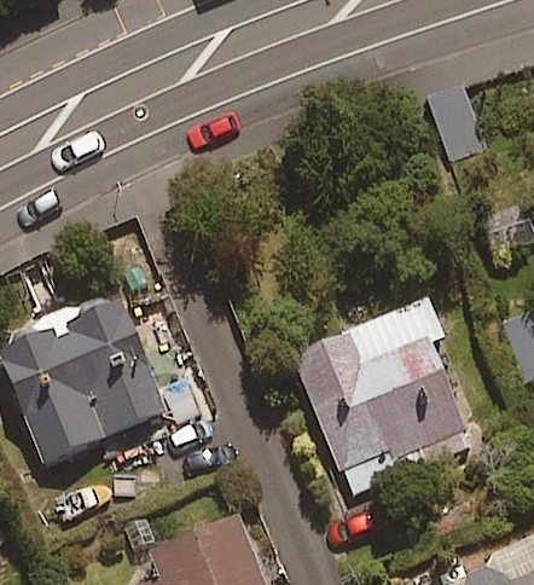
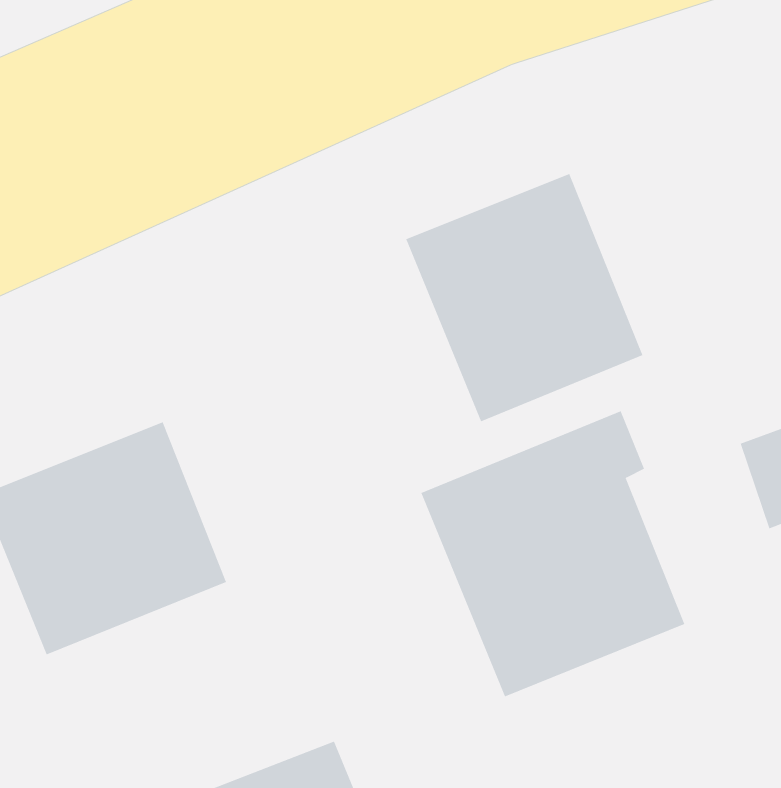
building: none -> [406,173,643,422]

